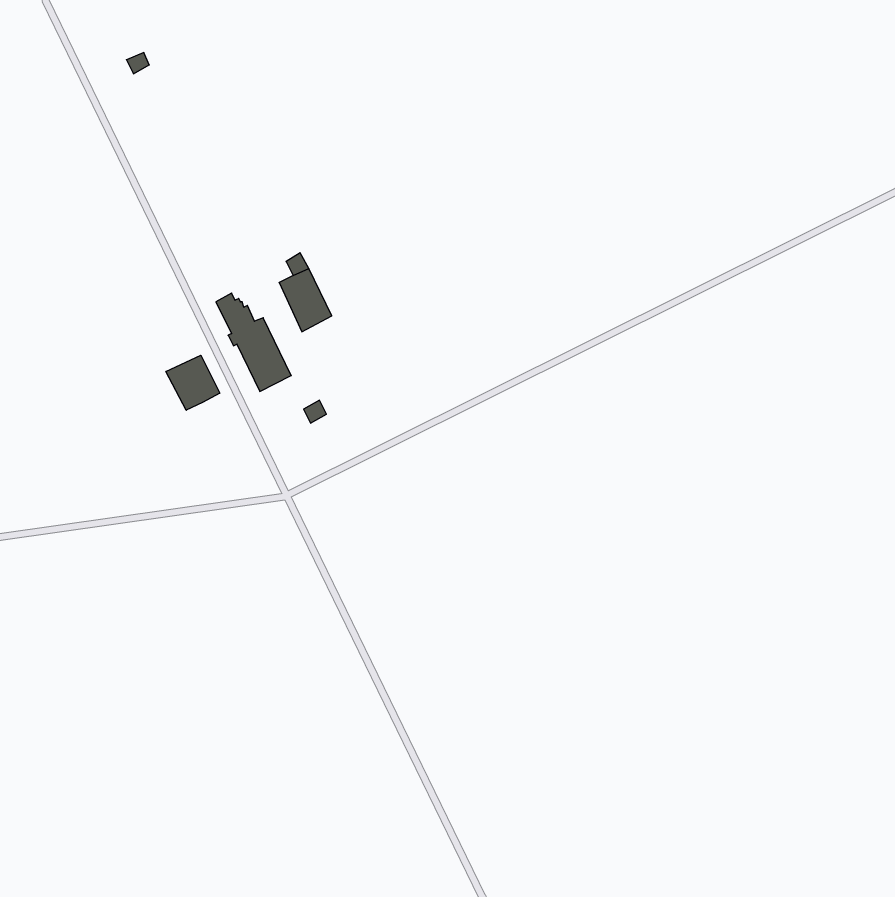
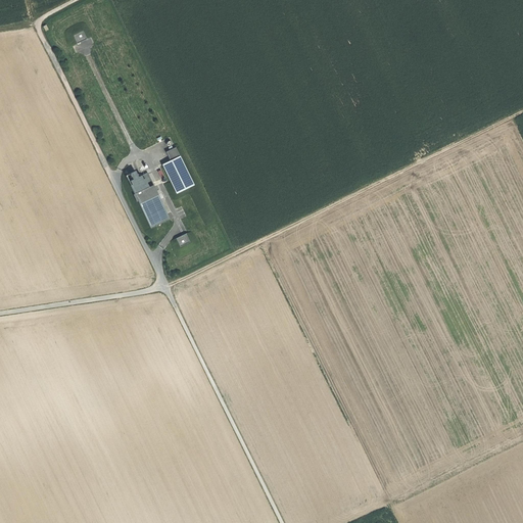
building: [166,355,220,410] -> none

